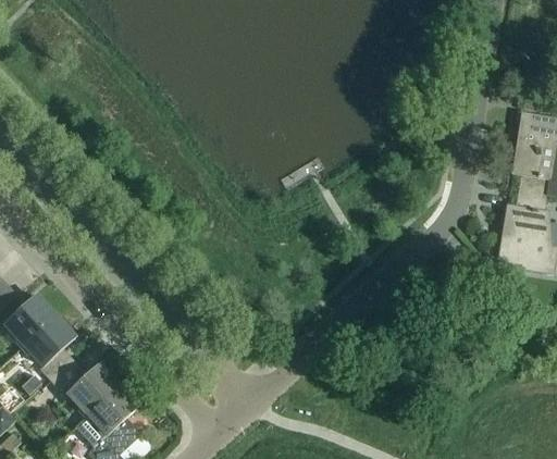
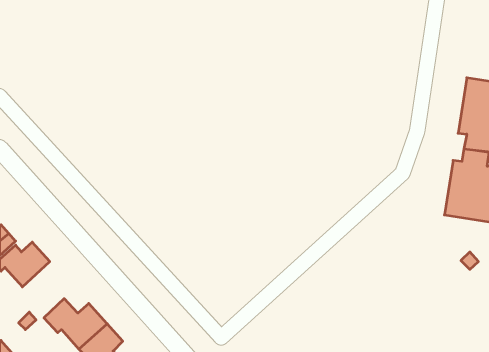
building: [26,317,75,375] -> none

